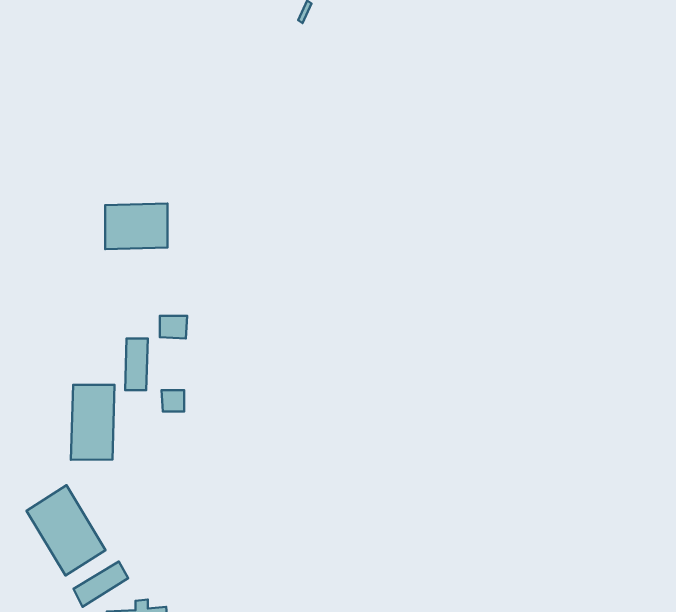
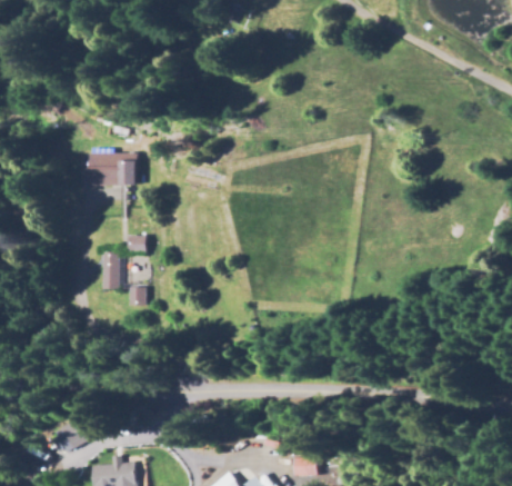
building: [71,385,115,460] -> none
building: [26,485,105,576] -> none

